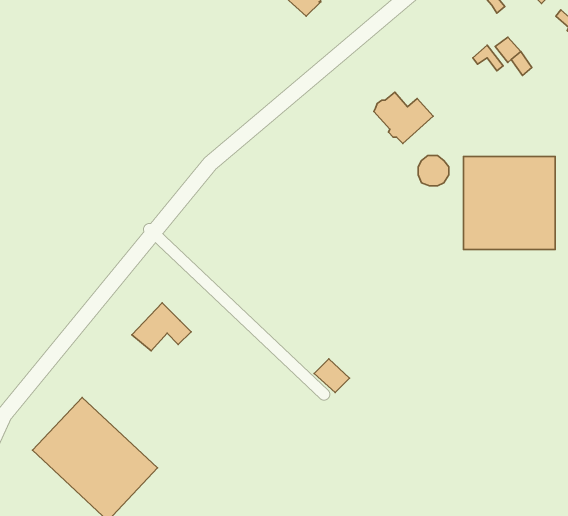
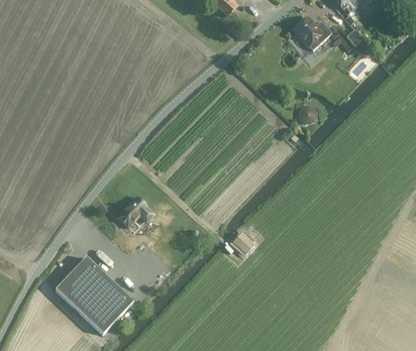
building: [374,92,433,144] -> [295,18,332,50]
building: [463,156,555,249] -> none

